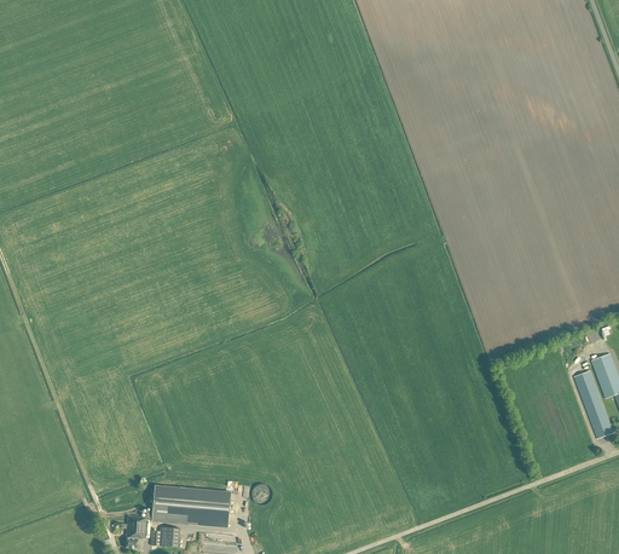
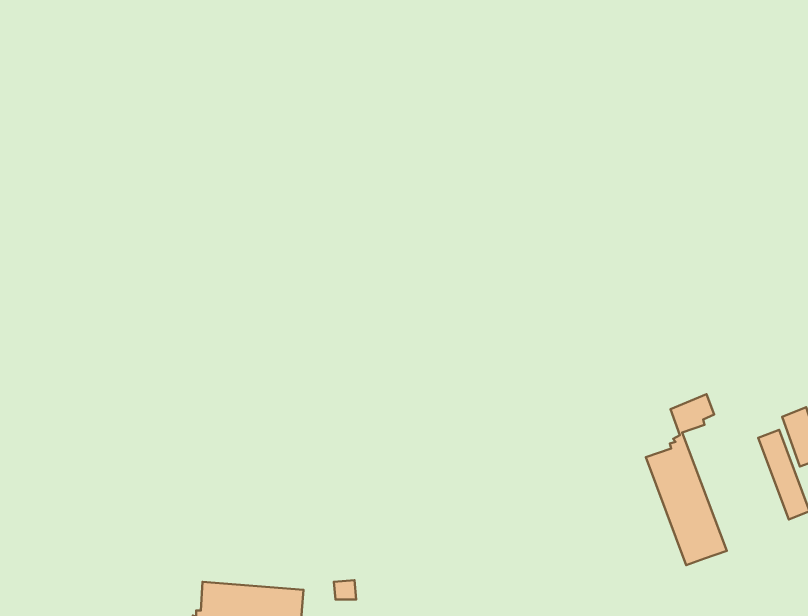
building: none -> [646,394,727,565]

